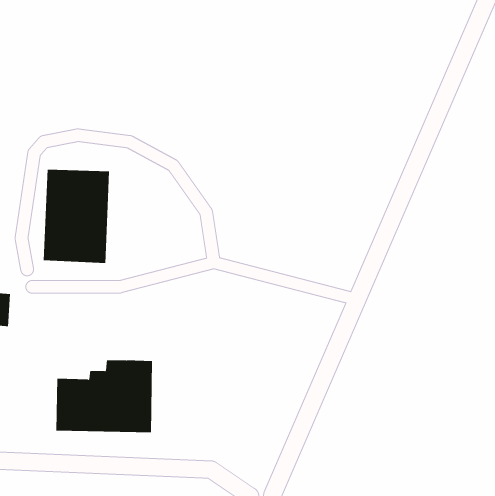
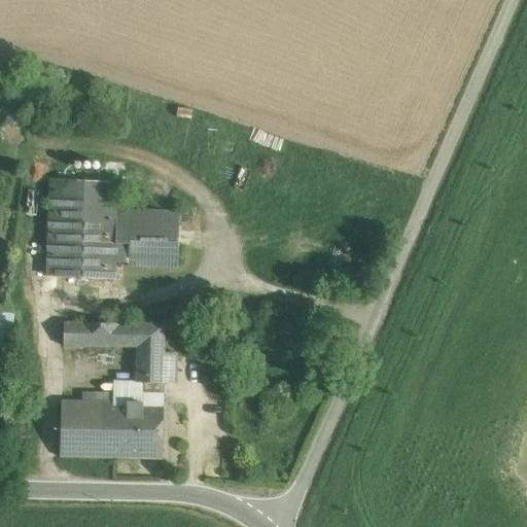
building: none -> [114,209,178,266]
building: none -> [62,321,175,382]

